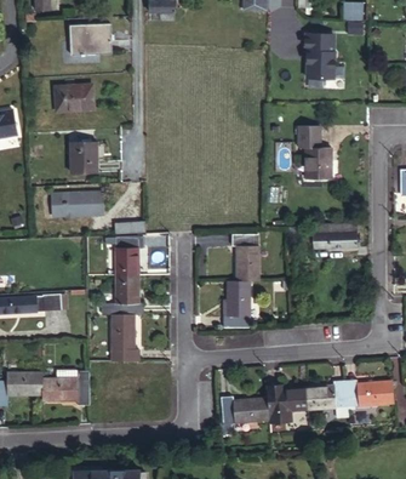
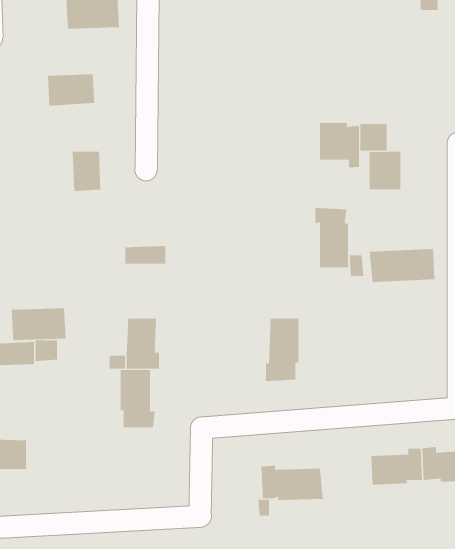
building: [305,34,336,79] -> none
building: none -> [319,122,360,168]
building: [59,193,103,218] -> [11,308,66,340]
building: [234,229,261,276] -> [315,208,349,268]
building: [116,235,143,276] -> none
building: [38,378,85,407] -> none
building: [268,383,308,410] -> none

